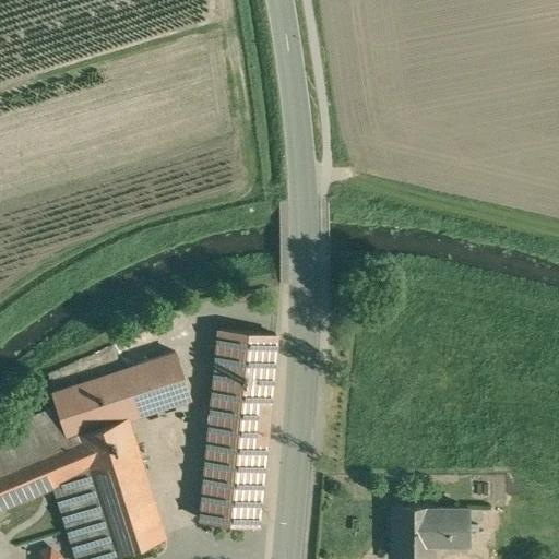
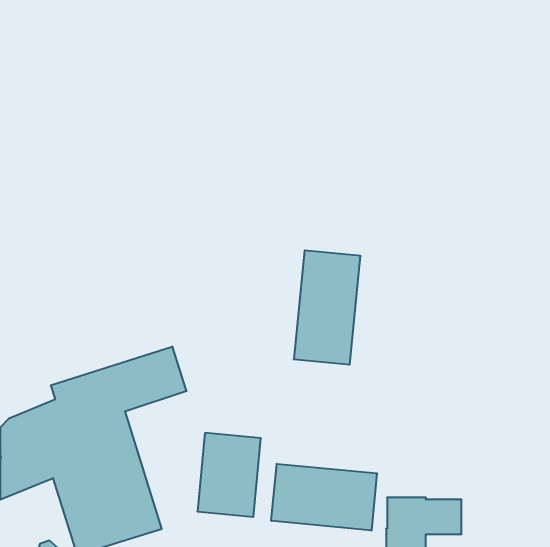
building: [209,332,276,448] -> [294,250,361,365]
building: none -> [271,464,377,531]

